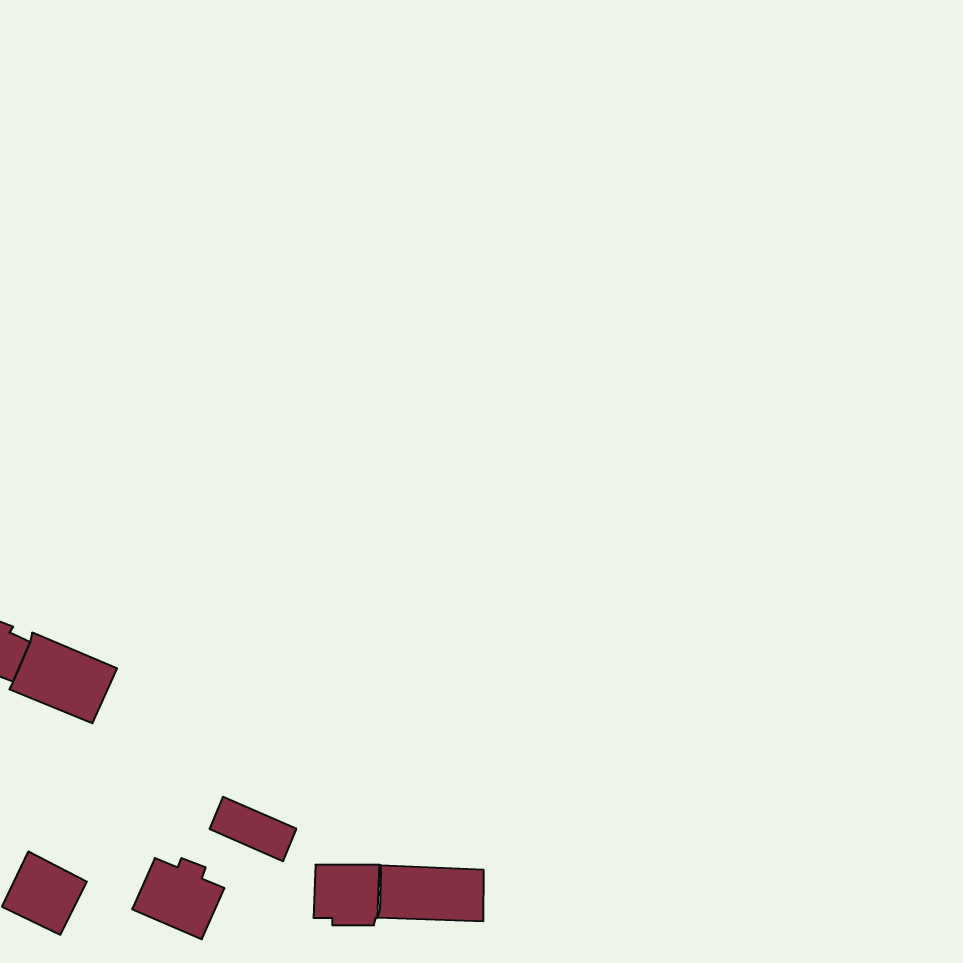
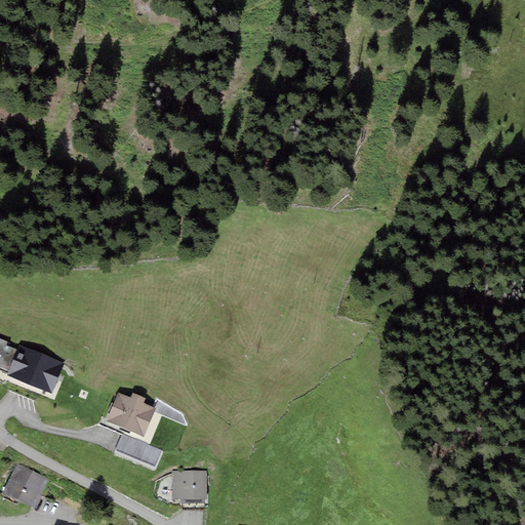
building: [132,858,225,939] -> [105,392,155,436]
building: [378,865,483,921] -> none

